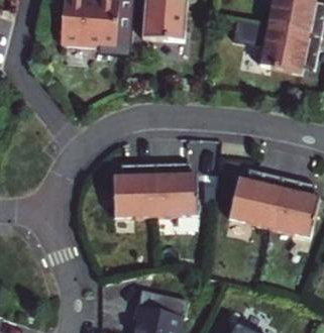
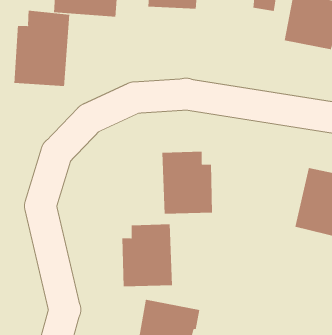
building: none -> [14,10,70,87]
building: [111,165,155,220] -> [122,224,173,287]
building: [227,171,281,230] -> none

